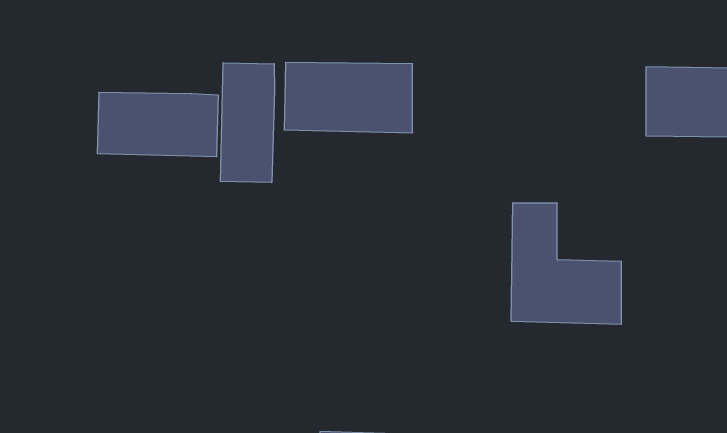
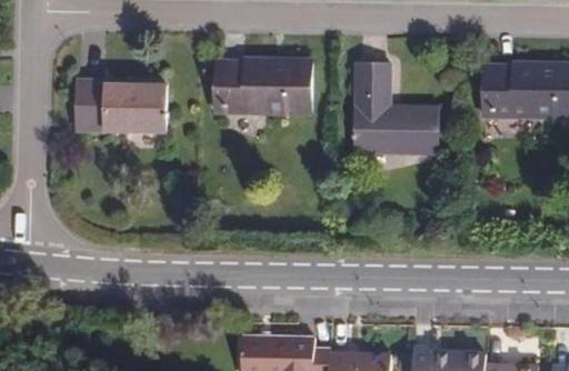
building: [220,63,274,183] -> none
building: [511,203,622,324] -> [355,63,437,153]

